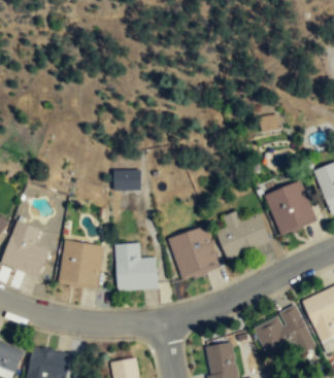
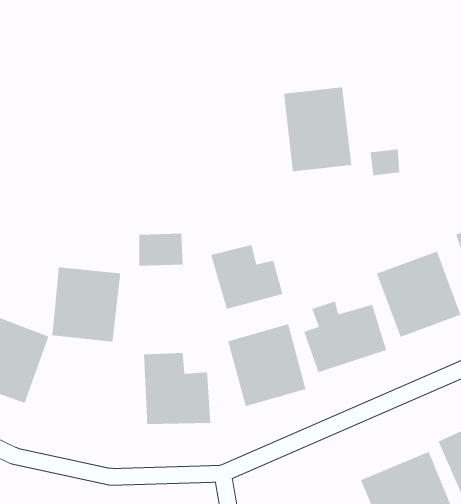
building: none -> [283,86,352,172]
building: none -> [210,244,283,310]
building: [59,241,103,289] -> [52,266,121,342]

